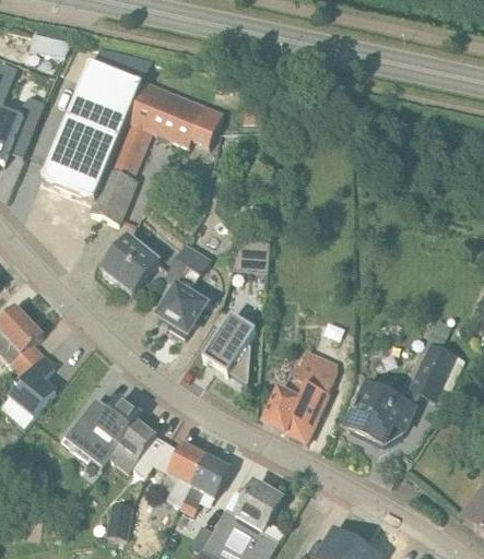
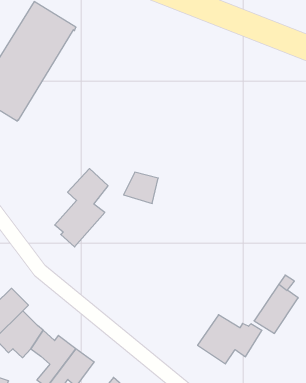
building: [90,84,220,222] -> none
building: [102,235,160,293] -> none
building: [201,313,256,382] -> none
building: [262,350,332,441] -> none

